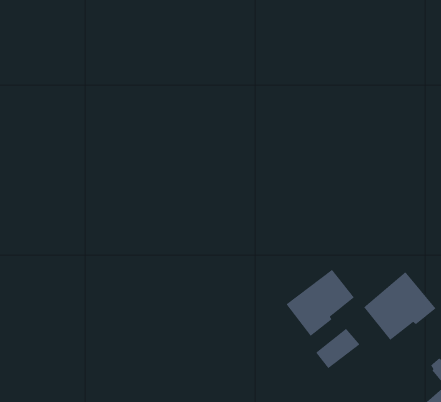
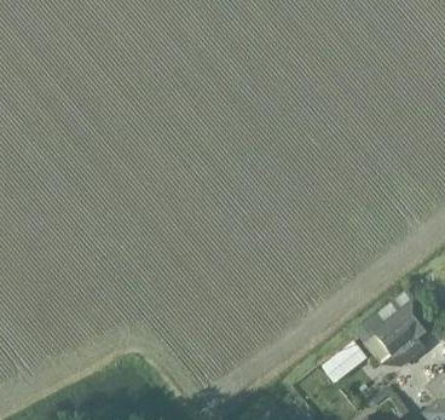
building: [285,269,355,337] -> none

